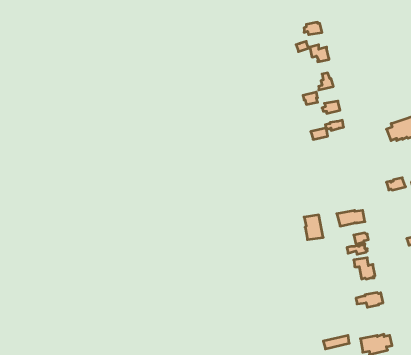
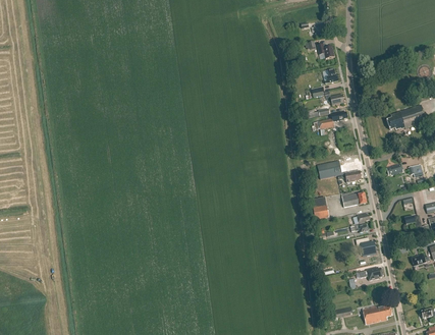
building: none -> [317,159,361,181]

